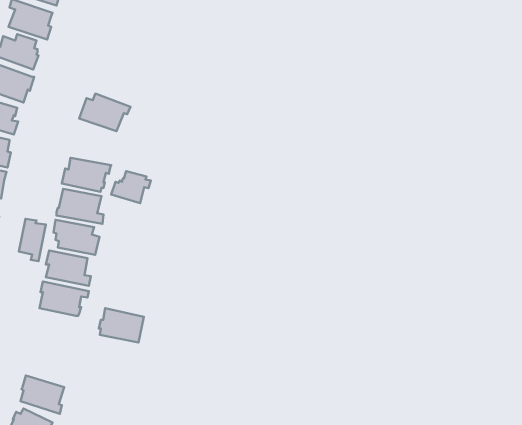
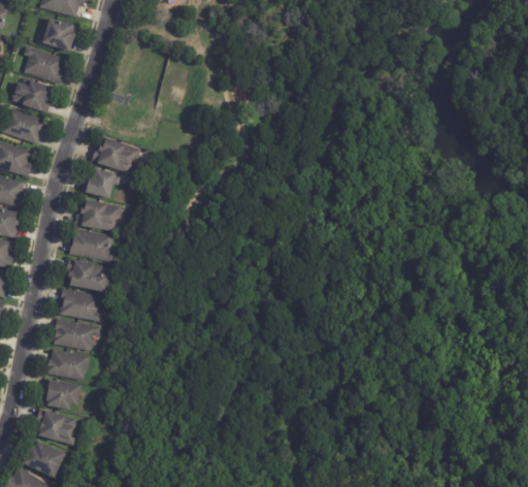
building: [111,171,151,203] -> [81,167,120,198]
building: [19,219,46,261] -> none
building: [99,308,144,342] -> [46,348,90,381]
building: none -> [40,378,81,410]

